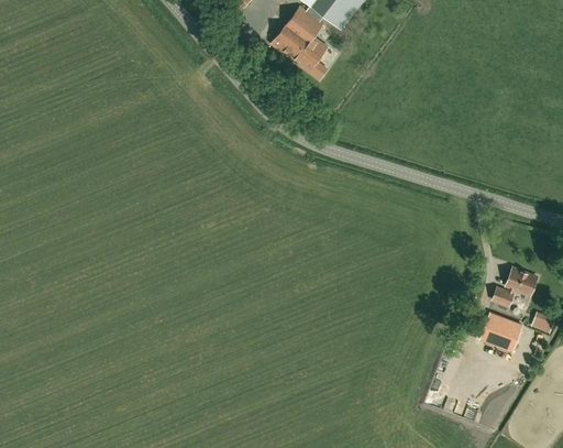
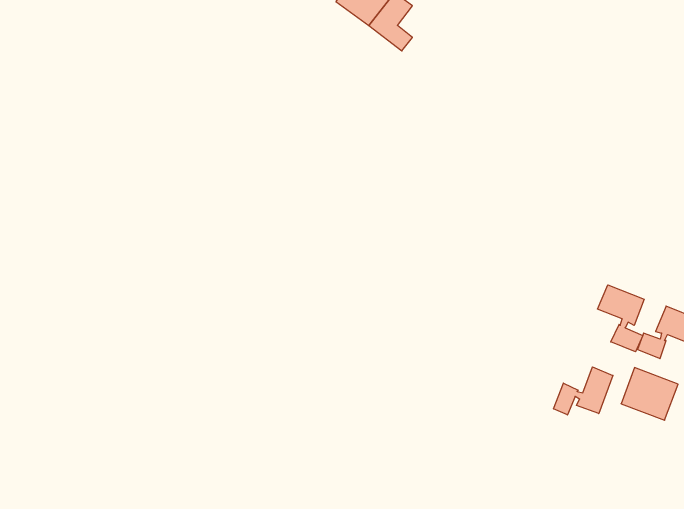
building: none -> [598,285,644,352]
building: none -> [554,367,613,415]

